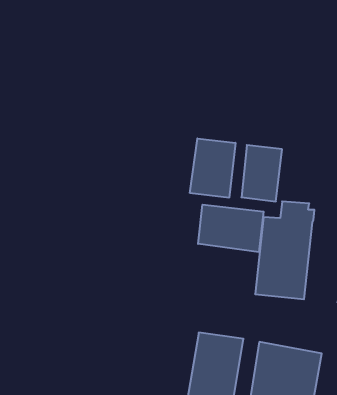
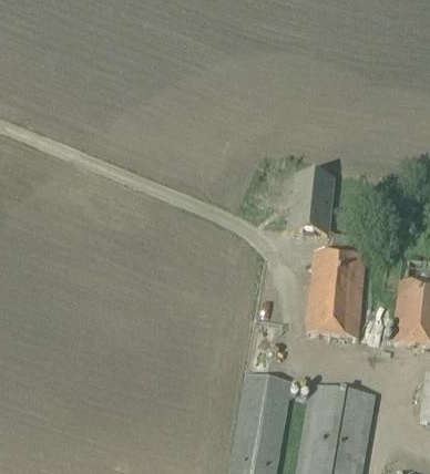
building: [190,138,235,198] -> none
building: [198,205,264,252] -> none

